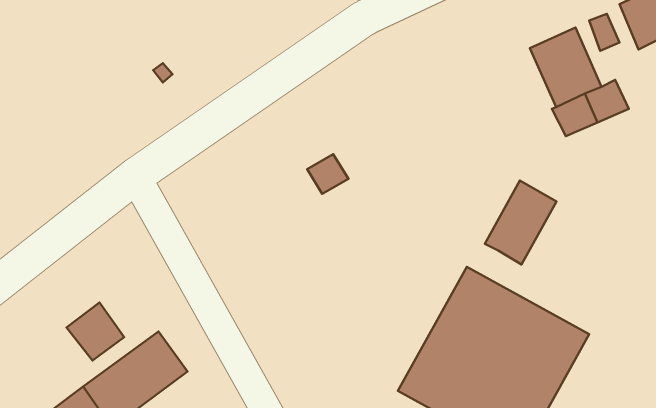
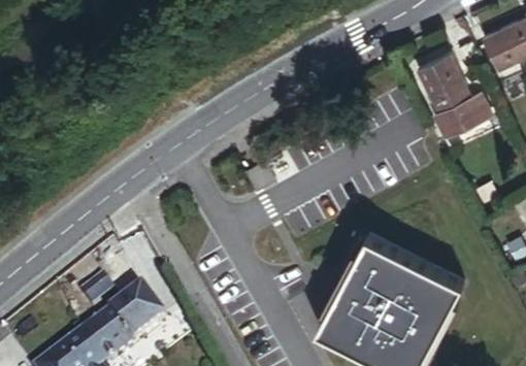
building: [485,181,556,265] -> none

